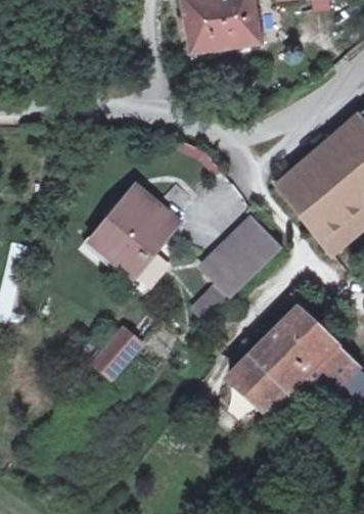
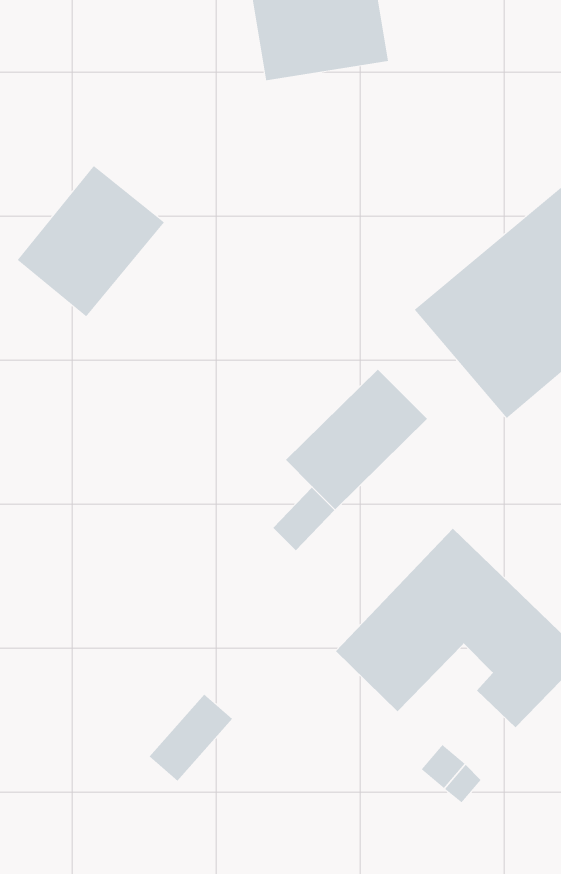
building: [91,188,176,275] -> [17,165,165,317]
building: [92,328,140,378] -> [149,694,233,782]

